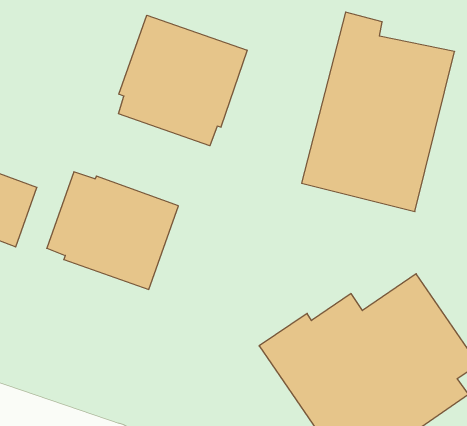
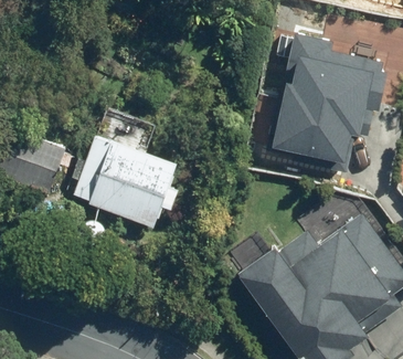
building: [119,15,247,146] -> none

